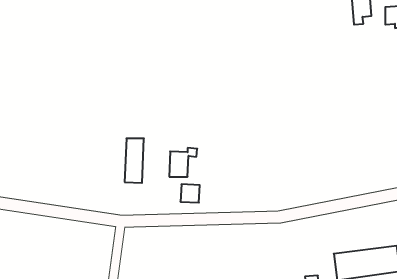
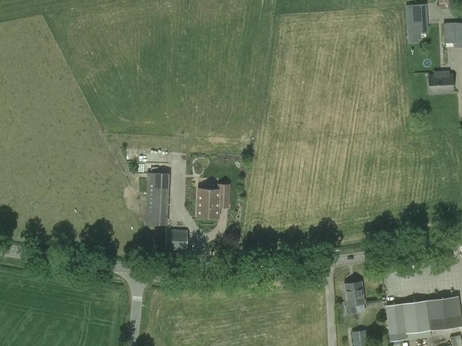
building: none -> [428,76,453,95]
building: [180,184,200,203] -> [165,230,187,251]
building: none -> [344,282,364,312]

